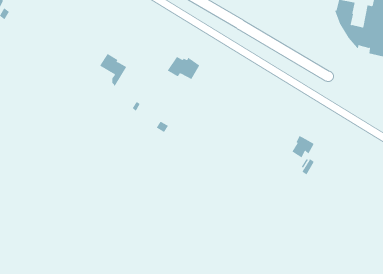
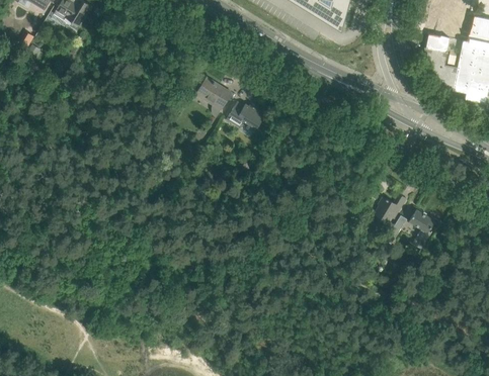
building: [100,53,128,87] -> [198,75,232,115]
building: none -> [409,207,436,247]

